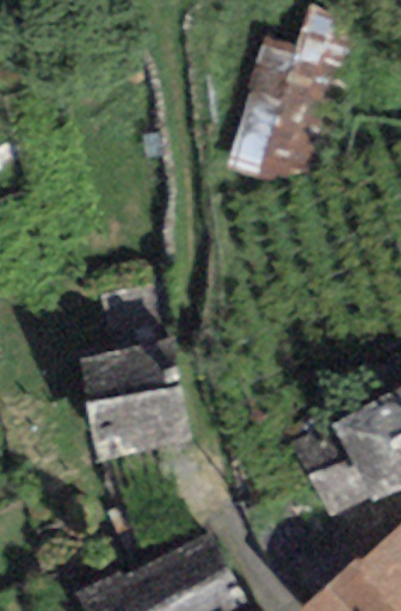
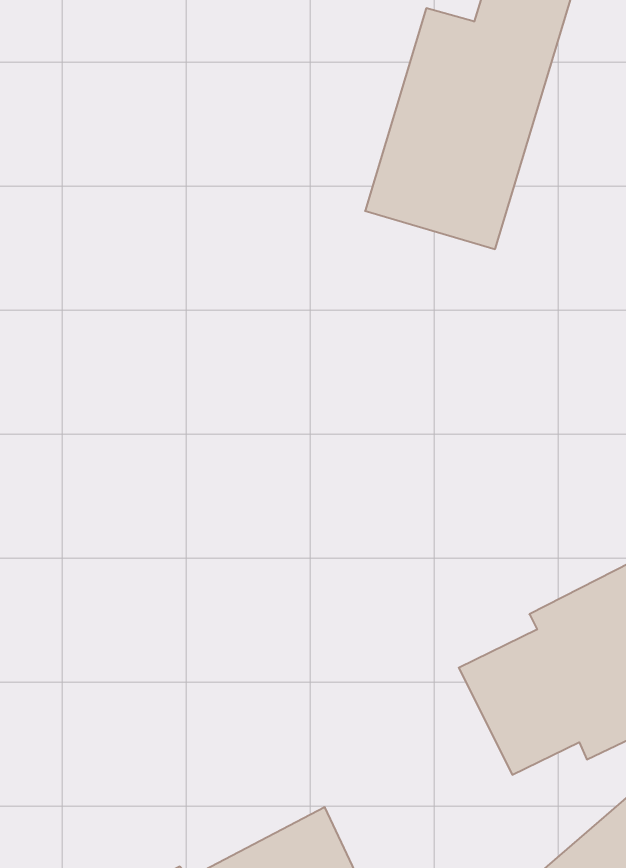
building: [79,344,189,461] -> none

